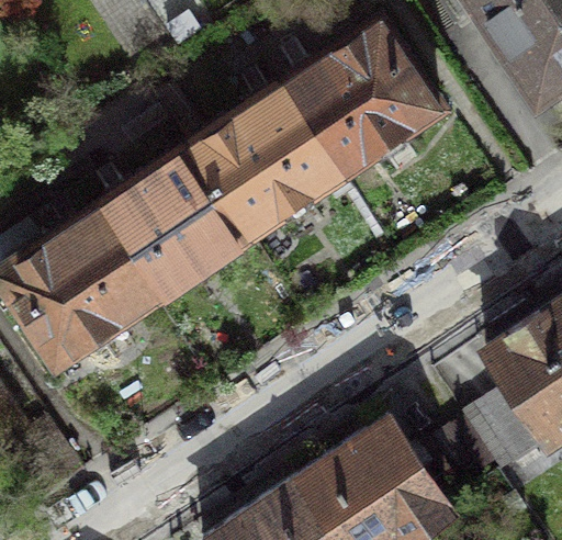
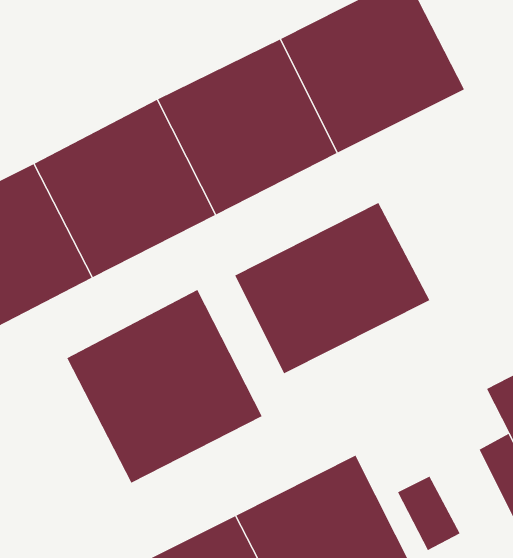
building: none -> [235,202,430,374]
building: none -> [66,289,263,483]

